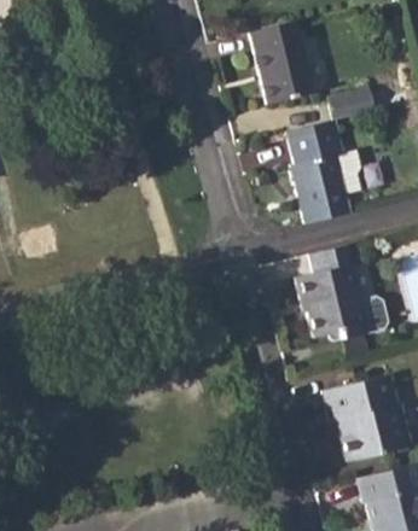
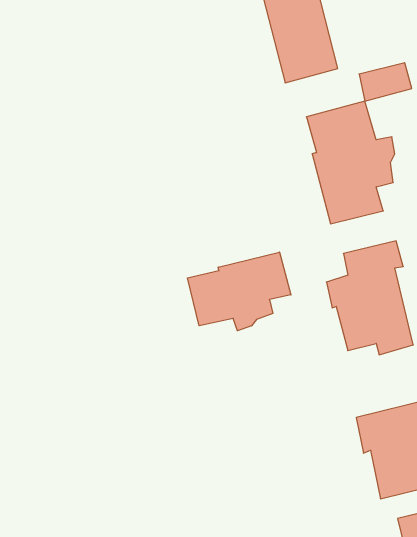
building: none -> [188,252,291,331]

